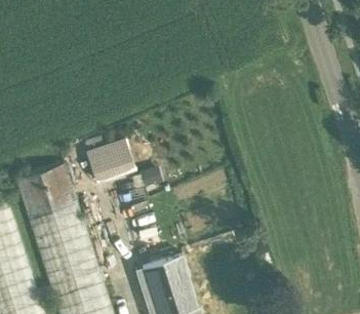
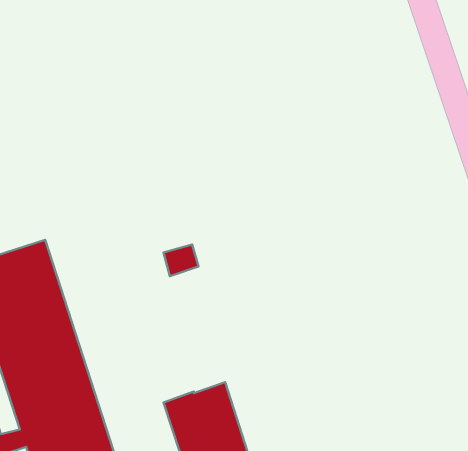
building: [86,136,134,182] -> none

